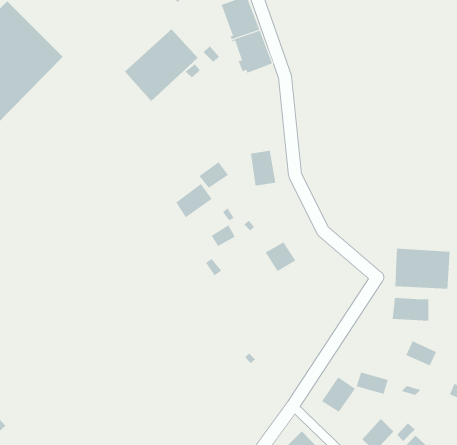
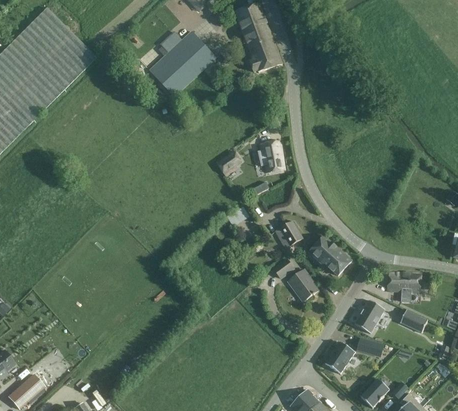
building: [176,183,212,218] -> none
building: [395,248,450,290] -> none
building: none -> [308,235,351,275]
building: none -> [273,259,317,301]
building: none -> [354,300,384,333]

